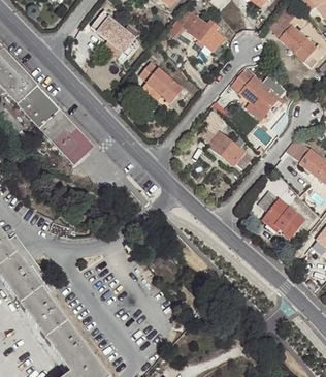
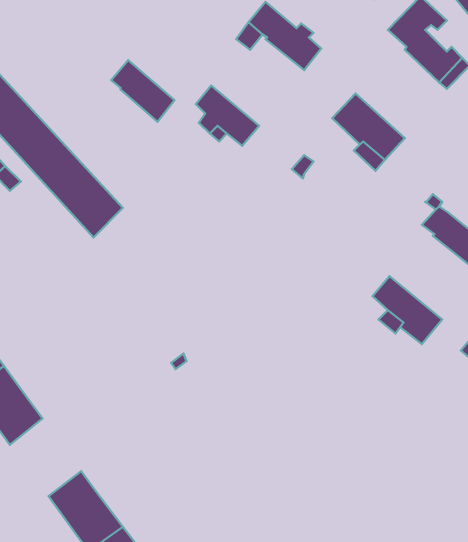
building: [93,13,135,55] -> [111,60,175,122]
building: [203,127,253,170] -> none
building: [18,286,65,338] -> none

